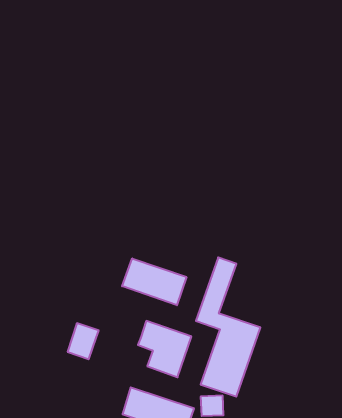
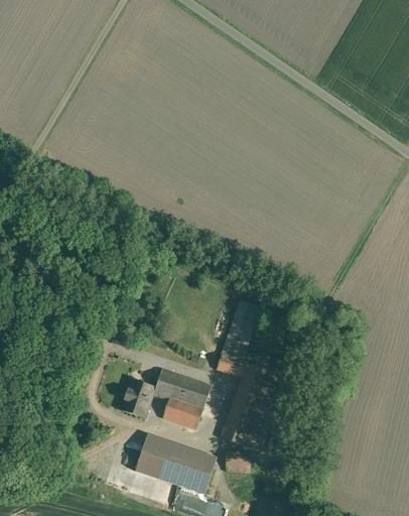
building: [122,258,186,305] -> none
building: [68,323,99,359] -> [121,378,155,417]

